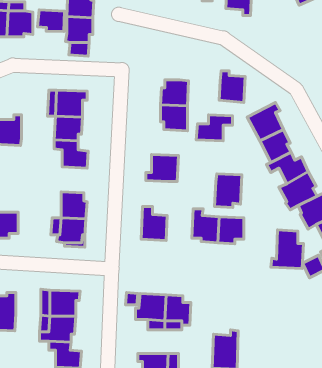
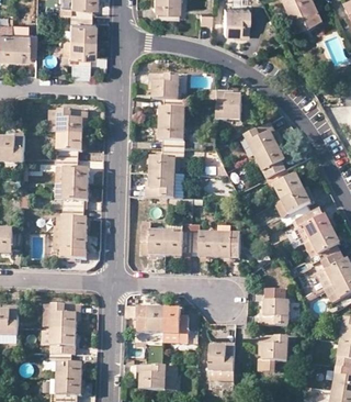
building: [37,10,65,32] -> none
building: none -> [148,72,178,99]
building: [196,115,232,141] -> [149,147,184,172]
building: none -> [52,183,87,209]
building: [215,174,242,208] -> [163,223,190,256]
building: [271,230,303,268] -> [258,288,290,325]
building: none -> [258,335,287,370]

